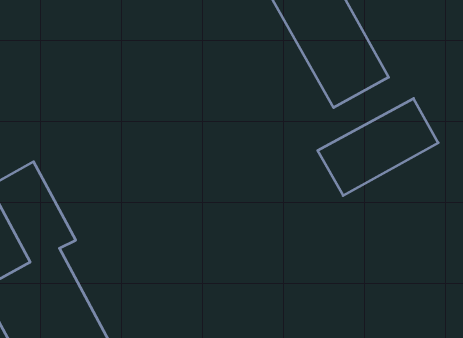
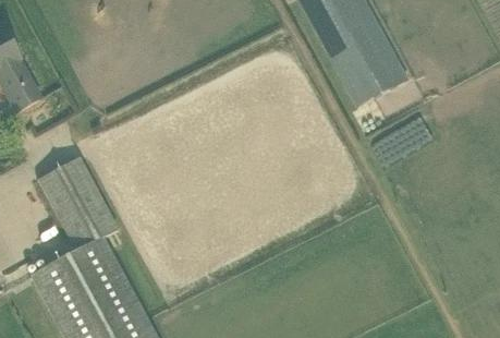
building: [318,98,438,196] -> none

